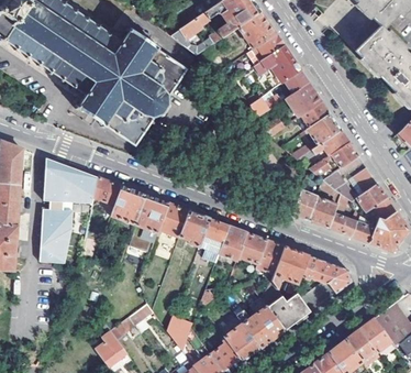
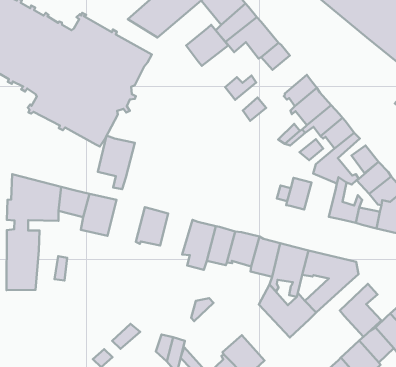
building: none -> [186,25,228,66]
building: [285,83,322,117] -> none
building: [133,194,168,242] -> [98,136,135,189]
building: [308,196,337,228] -> none
building: [178,210,209,248] -> none
building: none -> [340,284,381,337]
building: [235,297,284,348] -> none

